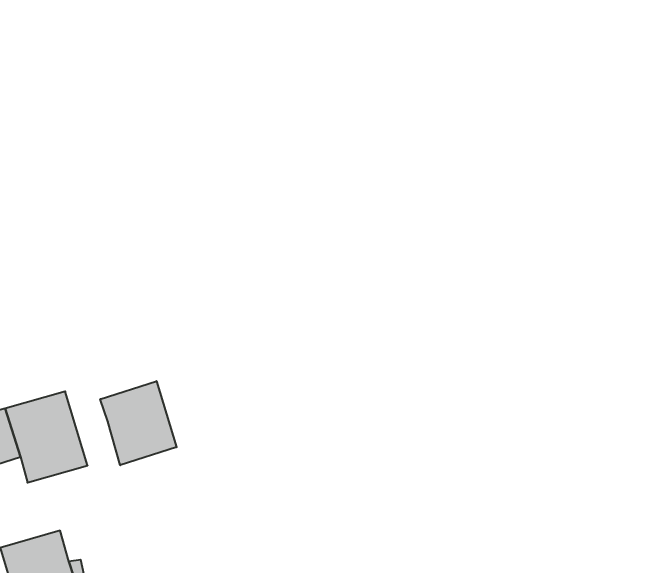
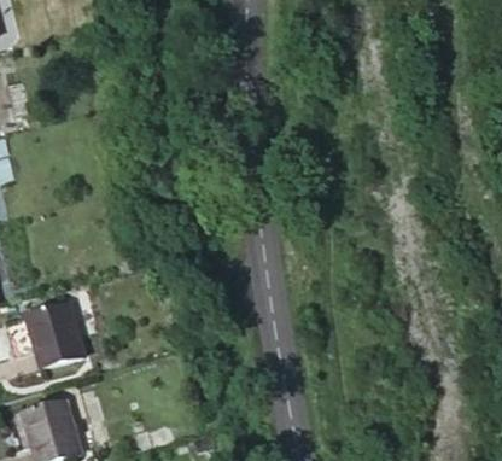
building: [100,381,177,465] -> none

